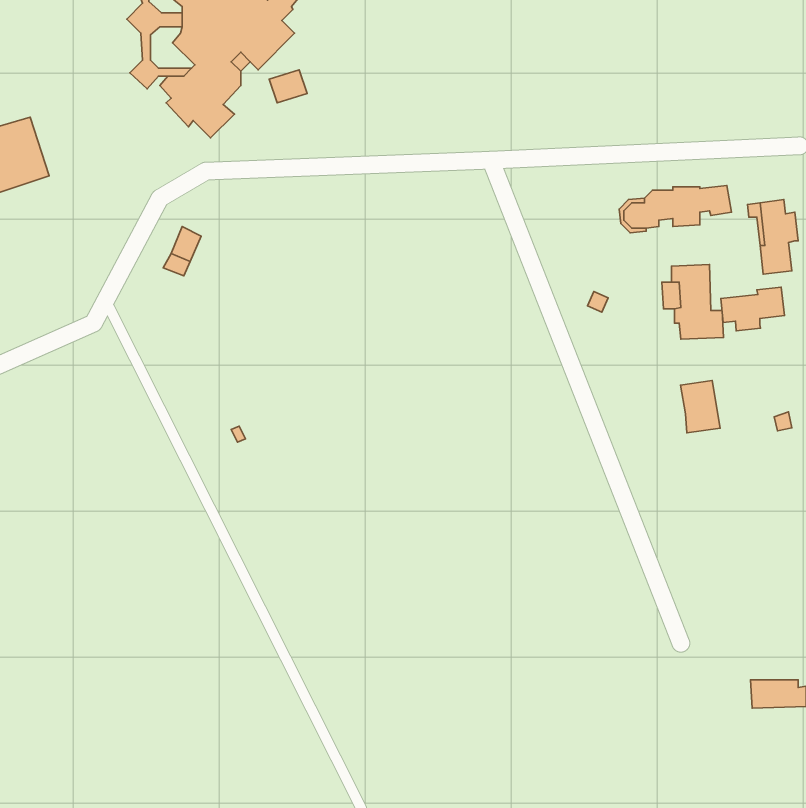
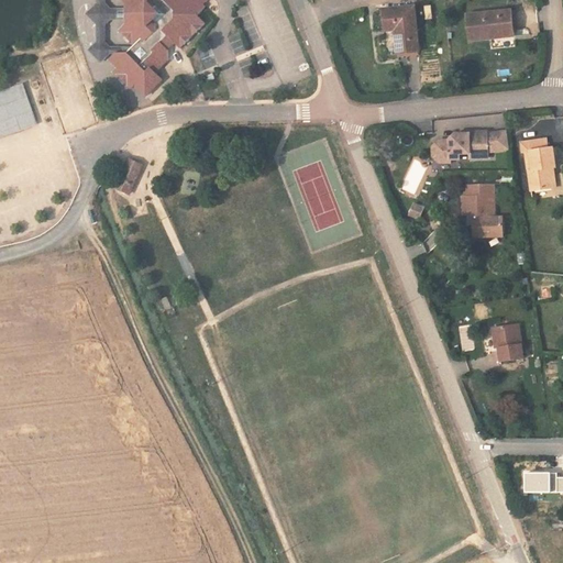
building: none -> [384,7,419,54]
building: none -> [464,11,511,41]
building: [721,287,784,331] -> none
building: [681,381,720,433] -> [494,323,521,360]

